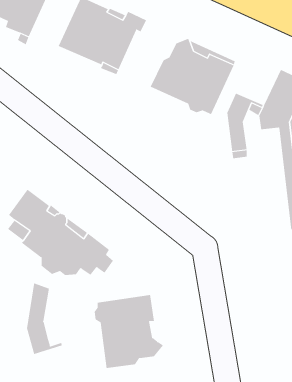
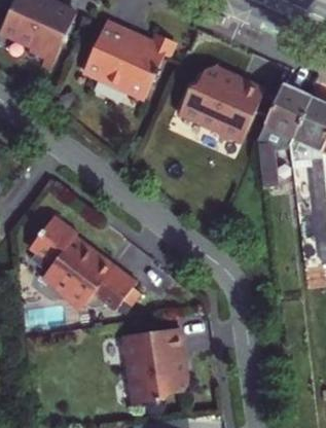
building: none -> [266,82,313,133]
building: [26,282,62,355] -> none

